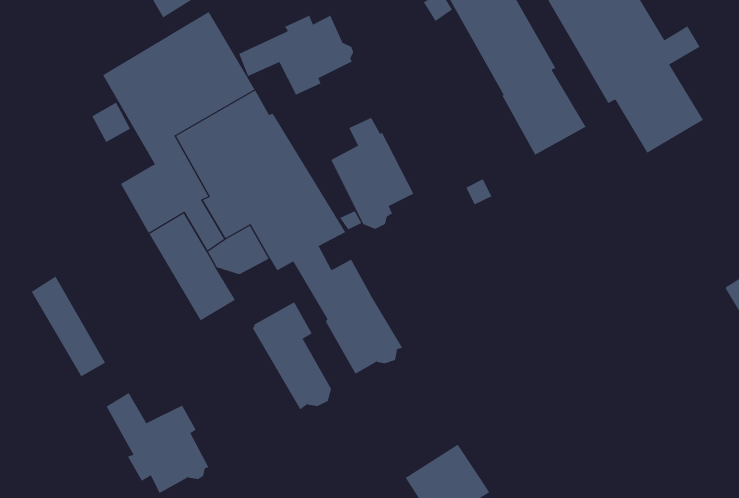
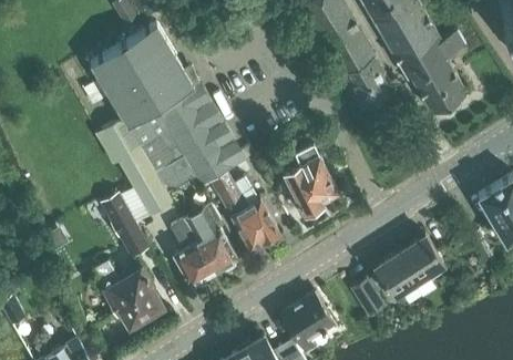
building: [239,15,354,96] -> none
building: [331,117,414,229] -> [286,147,338,217]
building: [31,276,106,377] -> [101,196,147,259]
building: none -> [173,222,216,287]
building: none -> [352,235,444,316]

